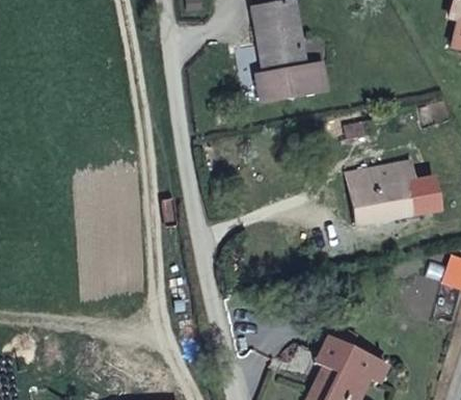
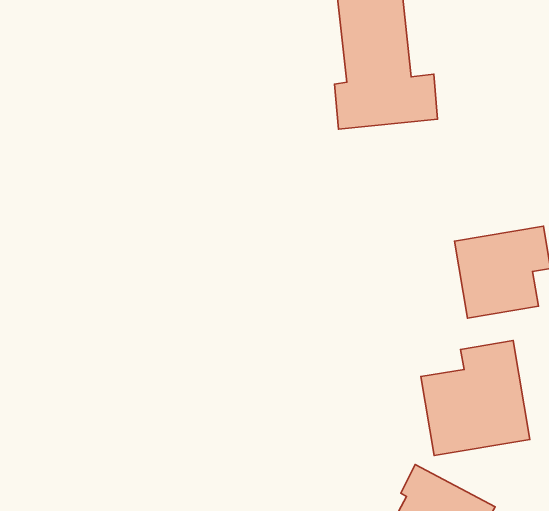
building: none -> [421,340,530,456]

